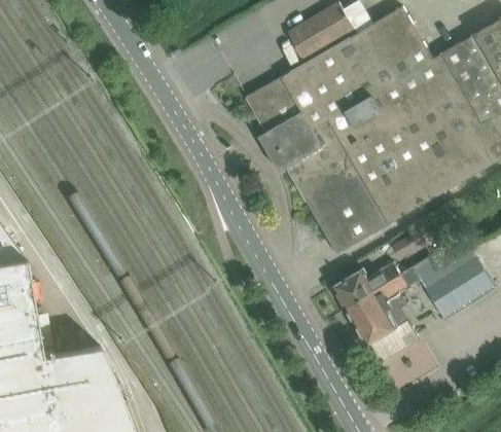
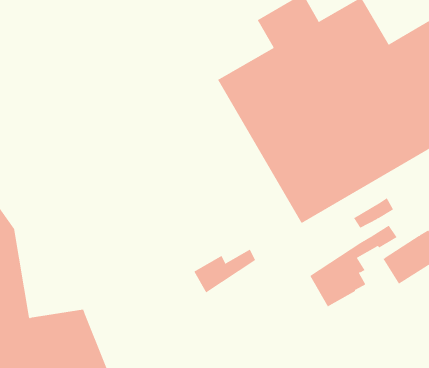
building: [332,261,400,310] -> [194,249,256,293]

